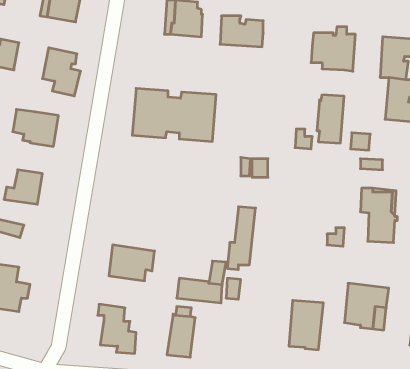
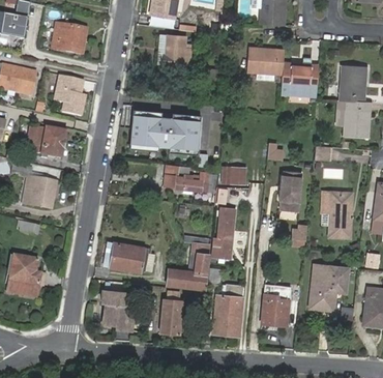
building: [220,16,263,47] -> [247,48,284,74]
building: [317,95,344,143] -> [281,171,303,211]
building: none -> [165,172,211,190]
building: none -> [215,284,245,336]

